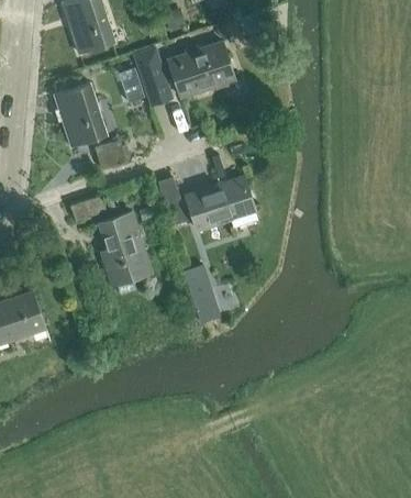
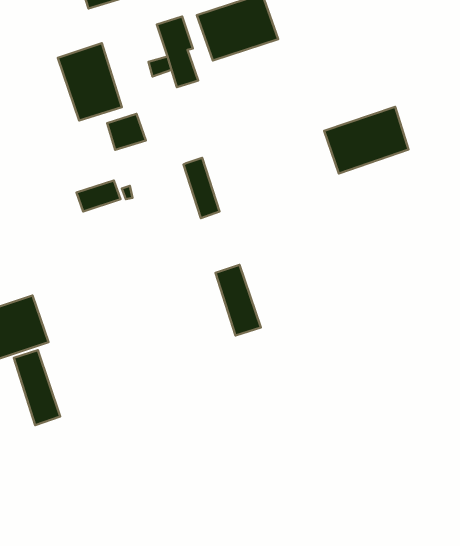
building: [186,176,255,231] -> [324,107,408,173]
building: [99,212,152,295] -> none
building: none -> [14,350,60,425]

